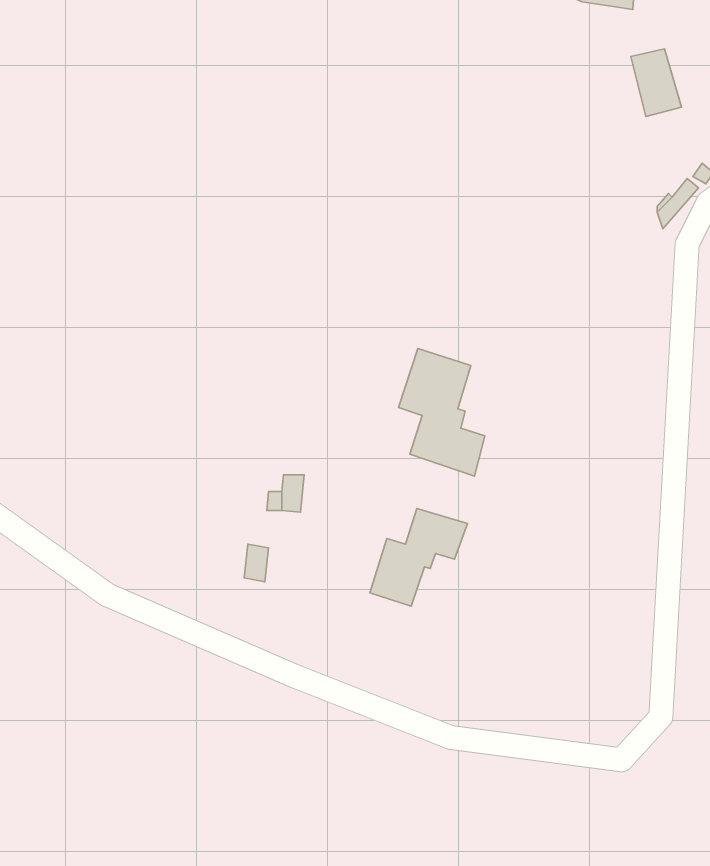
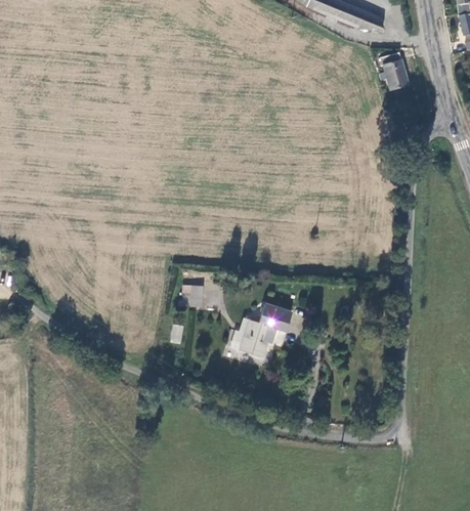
building: [398,349,485,476] -> none

